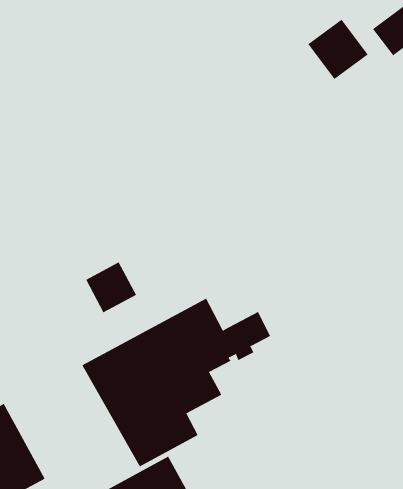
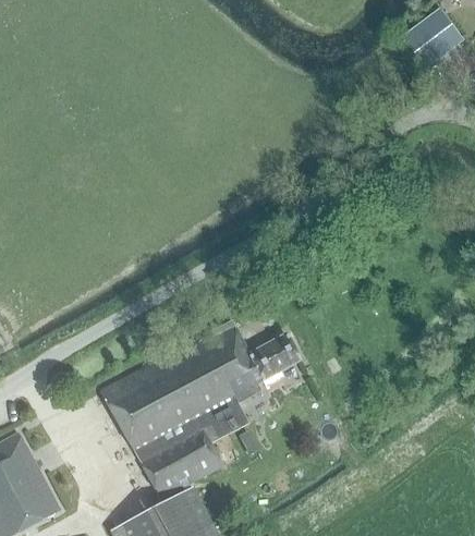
building: [308,19,369,80] -> none
building: [85,261,137,313] -> none

